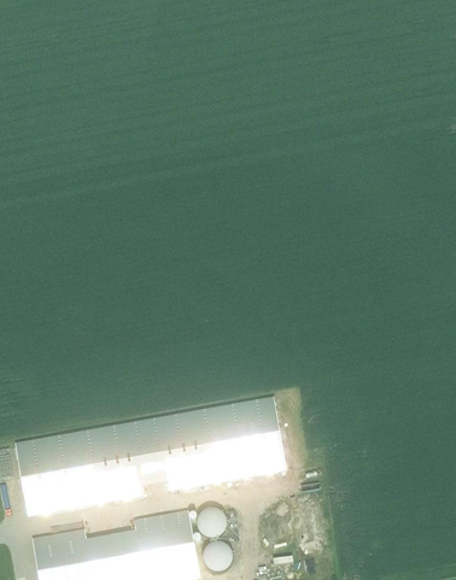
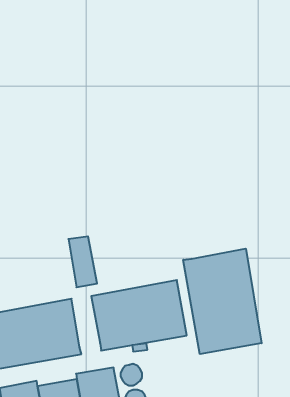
building: none -> [183,249,262,354]
building: [130,417,169,486] -> [68,236,97,287]

